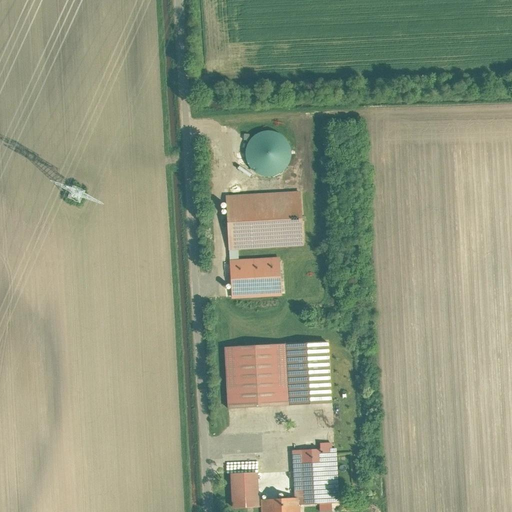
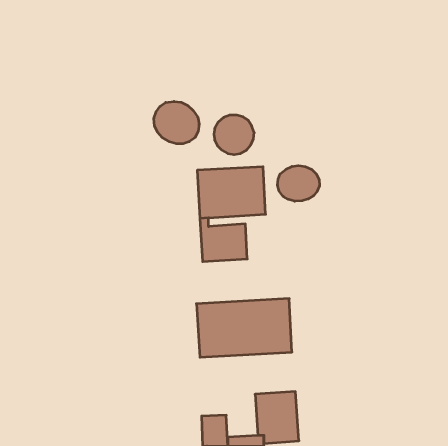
building: none -> [154,101,199,144]
building: none -> [278,166,319,201]

